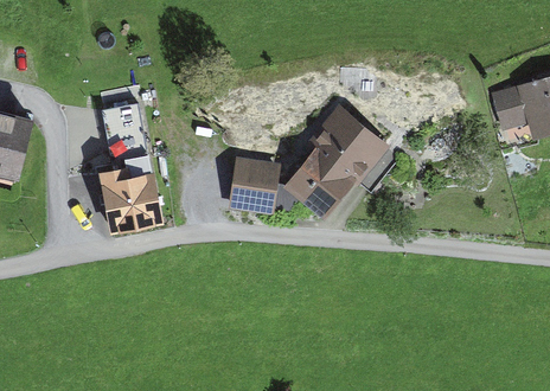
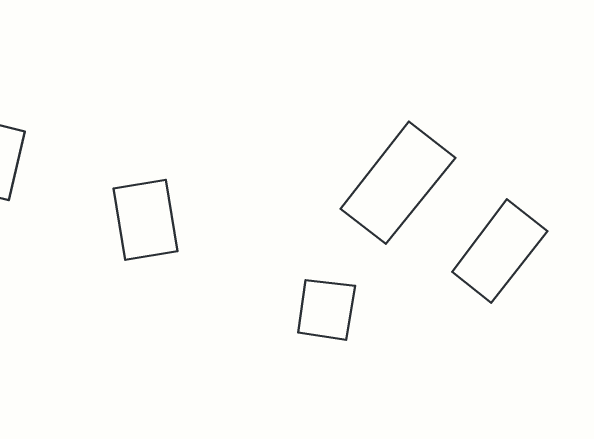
building: [226,159,273,207] -> [298,280,355,340]
building: none -> [452,199,548,303]

